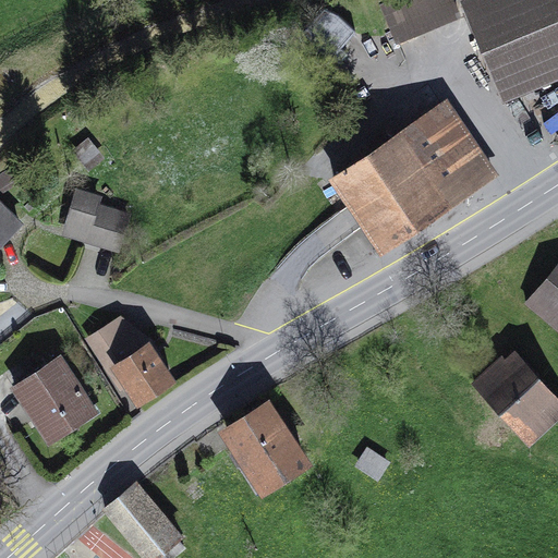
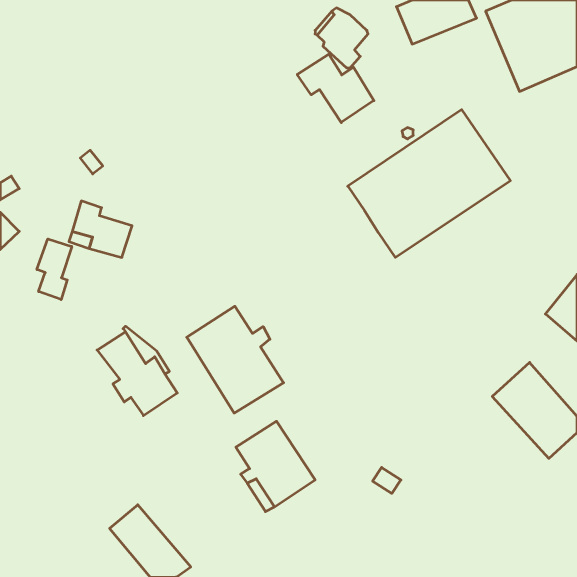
building: none -> [297,54,374,123]
building: none -> [37,239,72,300]
building: none -> [187,306,284,413]
building: [15,359,94,441] -> none

